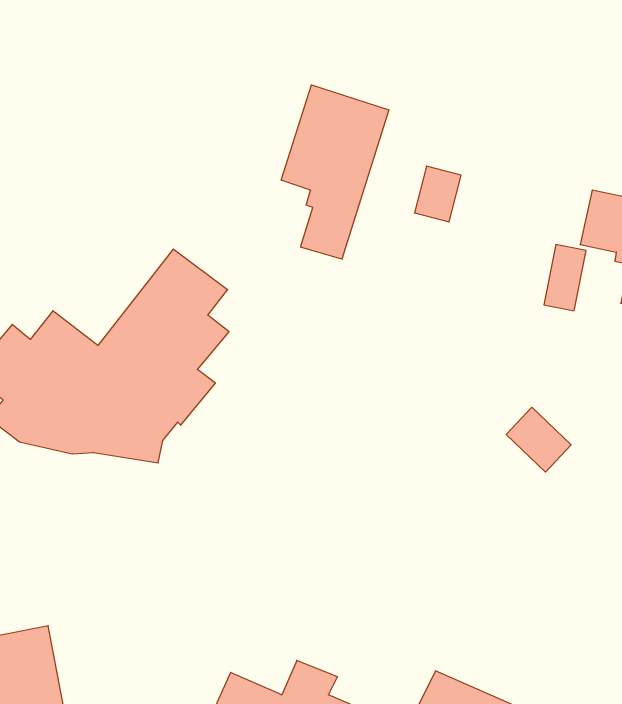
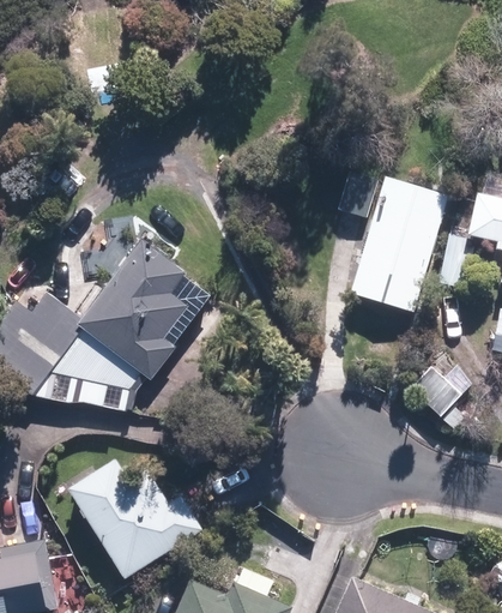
building: [281,85,389,259] -> none
building: none -> [350,176,447,312]
building: none -> [65,458,202,577]

